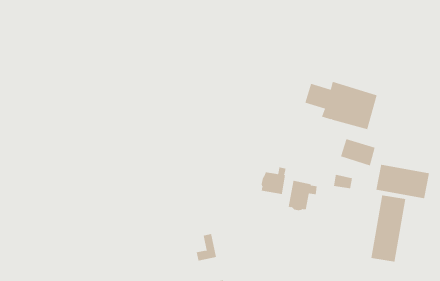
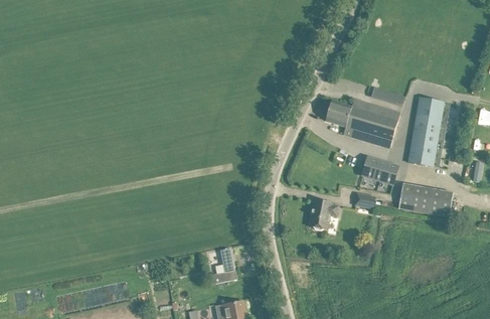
building: [261,166,286,195] -> none
building: [371,195,406,262] -> [407,97,444,165]

